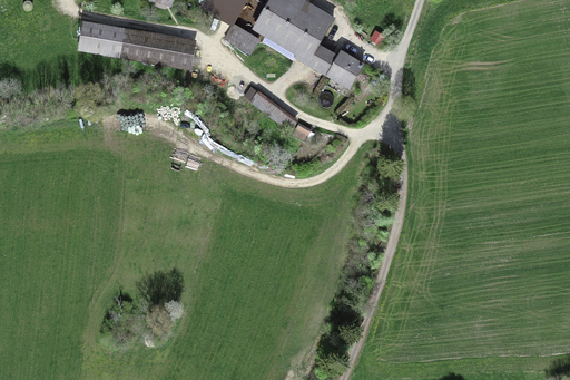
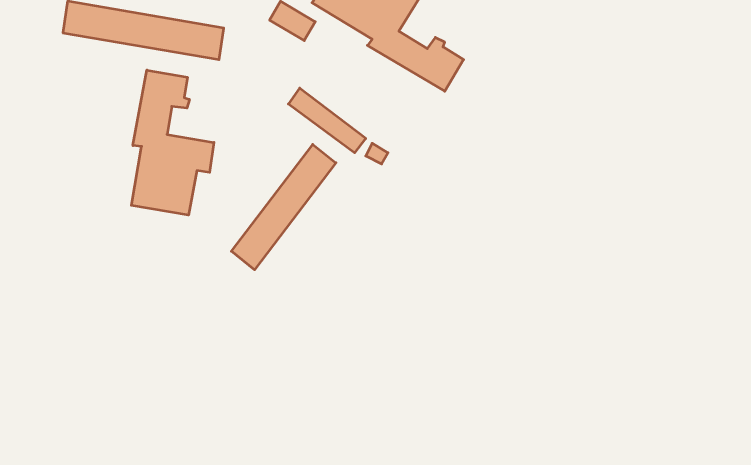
building: none -> [131,70,214,215]
building: none -> [231,144,336,270]

